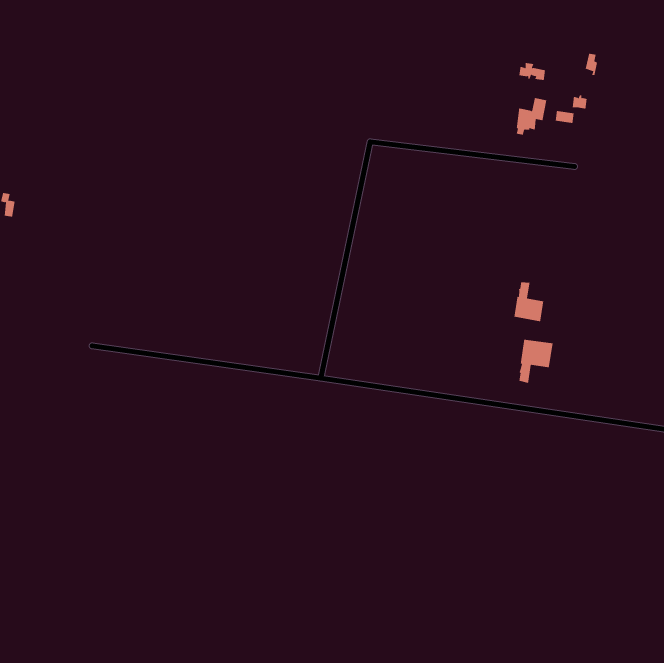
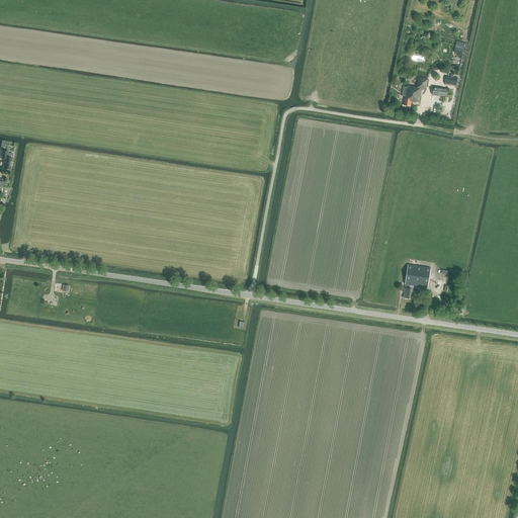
building: [514,282,544,322] -> none

